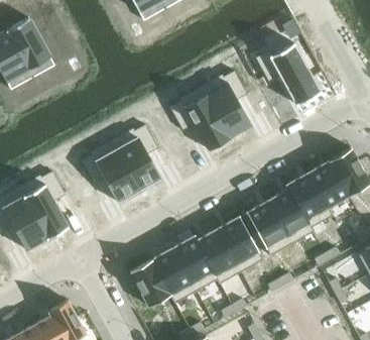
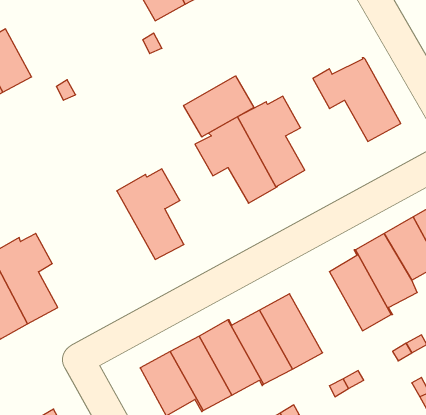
building: none -> [184,76,254,137]
building: [81,141,140,204] -> none
building: [246,201,292,256] -> none

